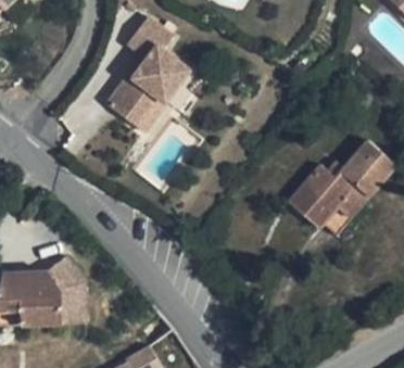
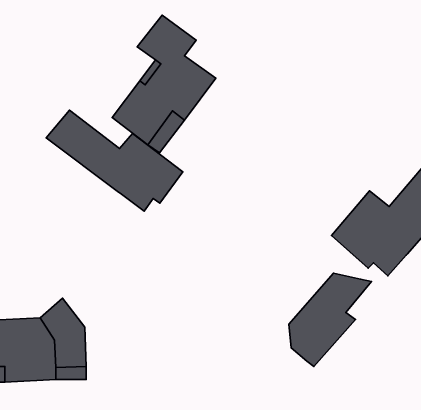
building: none -> [46,110,183,211]
building: none -> [289,273,371,367]

